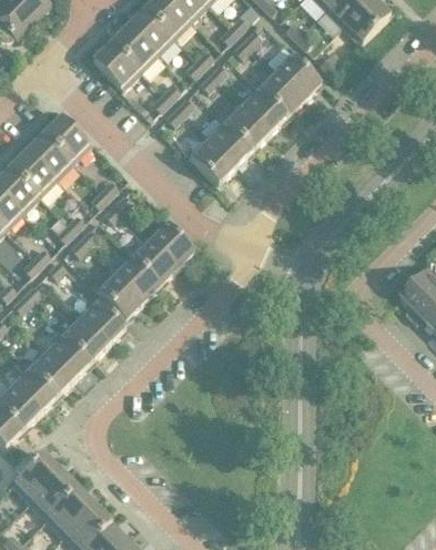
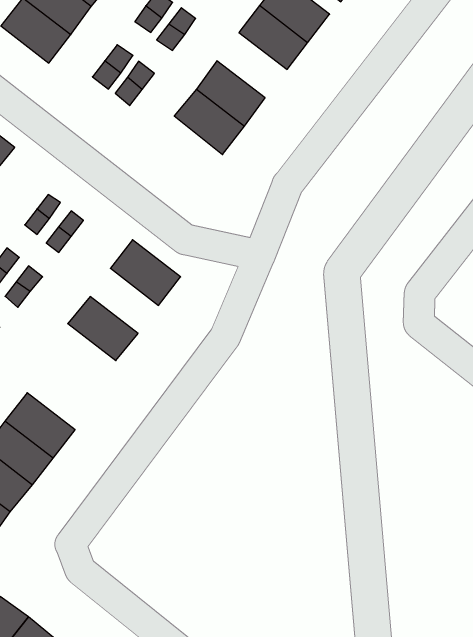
building: [239,85,286,133] -> none
building: [187,138,234,185] -> none
building: [130,237,176,285] -> none
building: [95,272,142,319] -> none
building: [78,299,124,346] -> none

